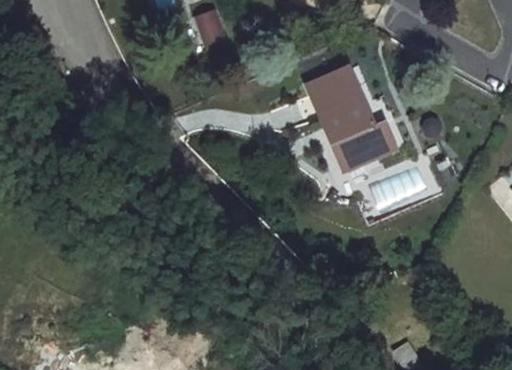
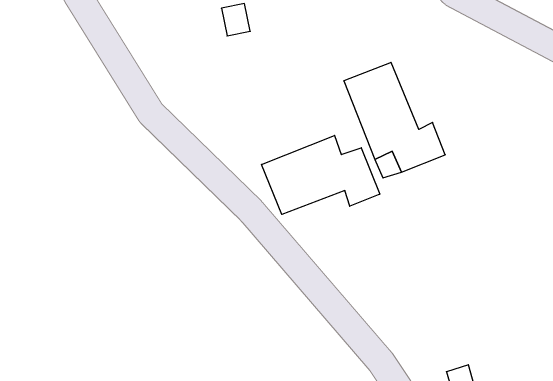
building: none -> [262,135,380,214]

